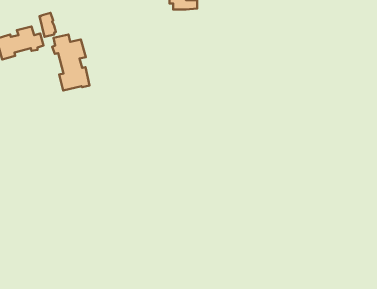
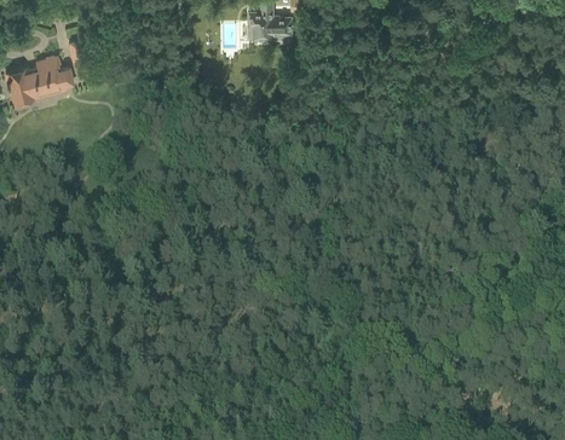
building: [52,34,90,90] -> none

